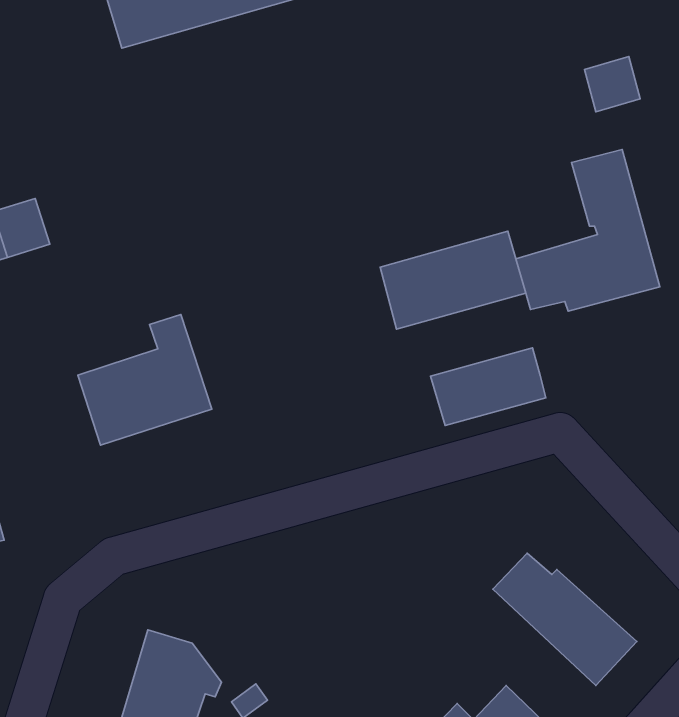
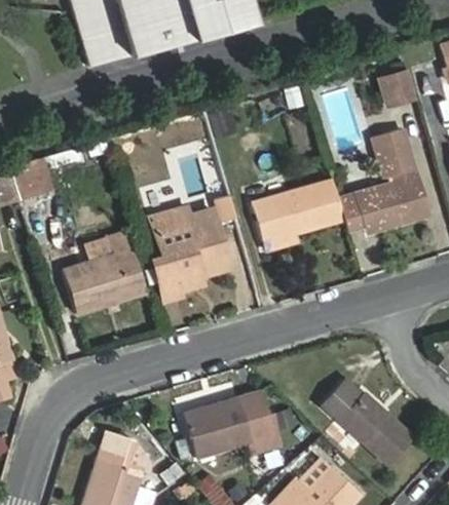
building: none -> [152,207,231,301]
building: [431,348,546,426] -> none
building: none -> [184,391,278,457]

